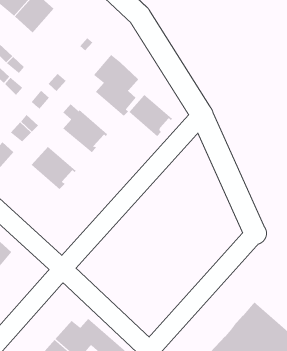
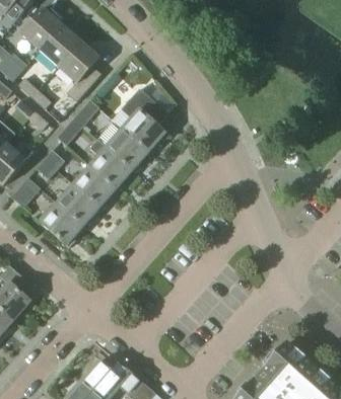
building: none -> [59,42,101,101]
building: [128,94,173,137] -> [107,127,152,170]
building: none -> [74,164,120,208]
building: none -> [40,202,86,247]

